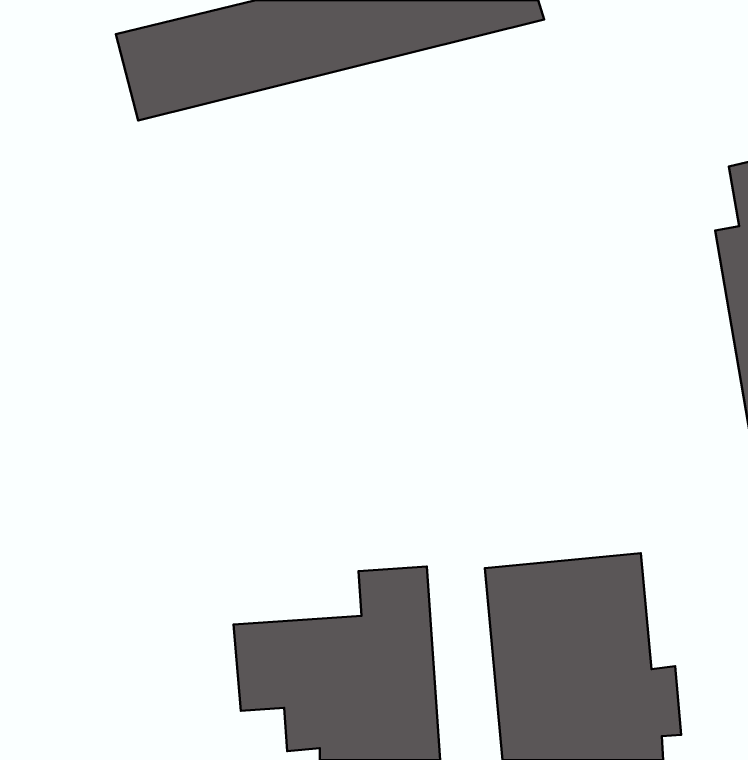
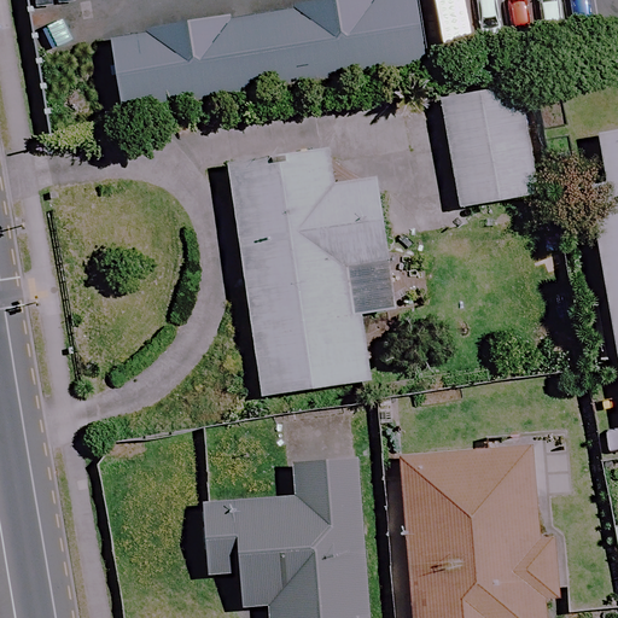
building: none -> [444,87,543,211]
building: none -> [227,156,391,401]

